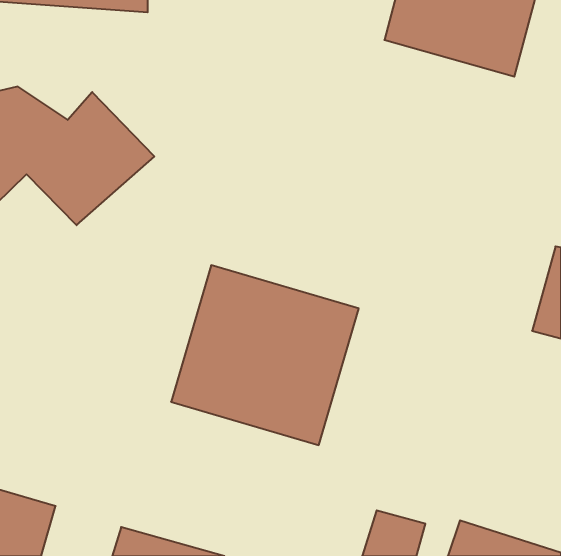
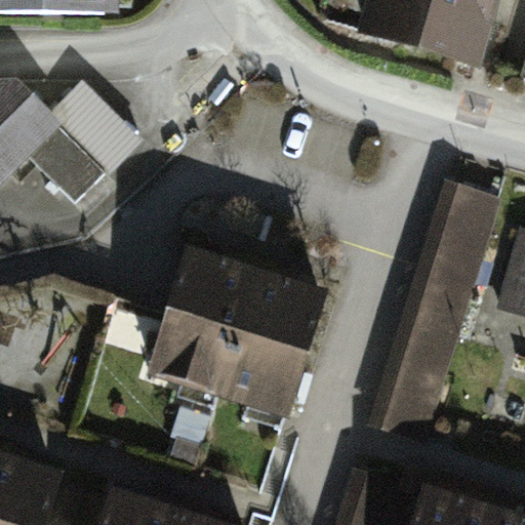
building: none -> [368,183,498,445]

